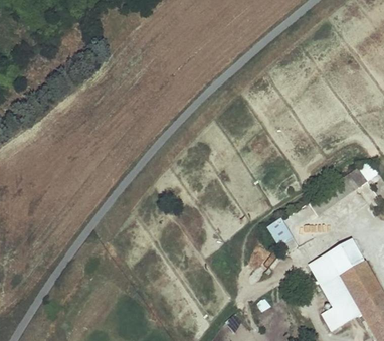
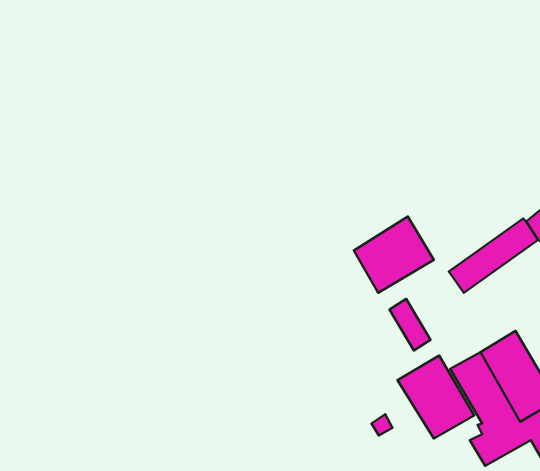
building: none -> [354,217,434,293]
building: none -> [398,356,474,439]

